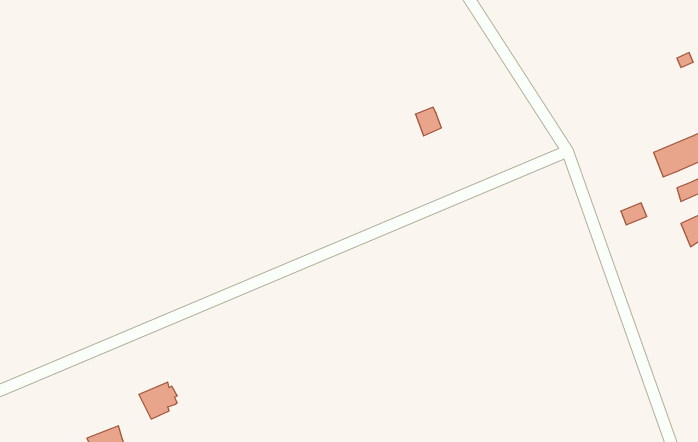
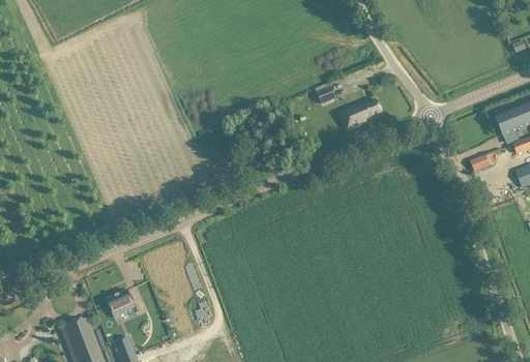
building: none -> [341,98,382,128]

